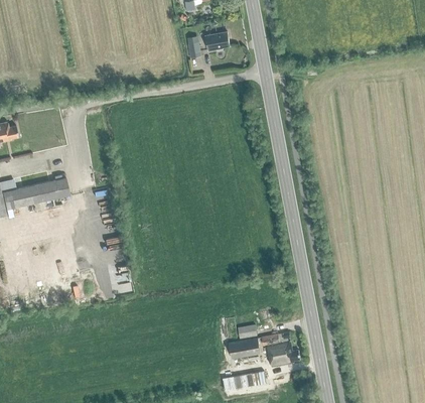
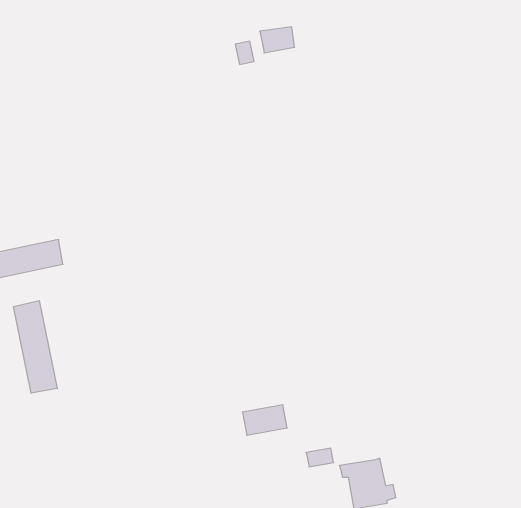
building: none -> [14,301,57,393]
building: [229,338,260,359] -> [242,405,287,435]

